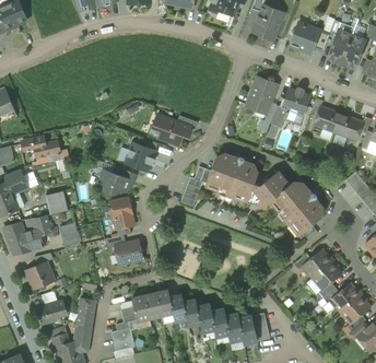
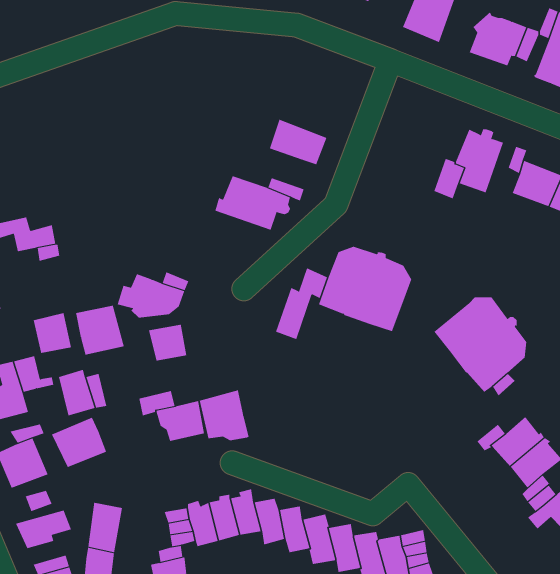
building: [247,77,277,112] -> none
building: none -> [269,119,327,165]
building: [126,139,160,172] -> none
building: [247,171,290,208] -> none
building: none -> [76,305,124,355]
building: none -> [199,389,249,441]
building: none -> [51,417,107,468]

